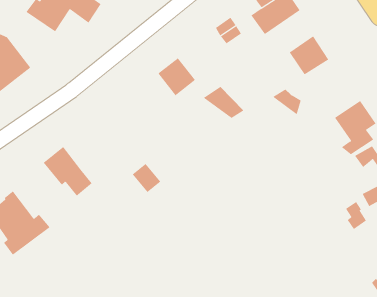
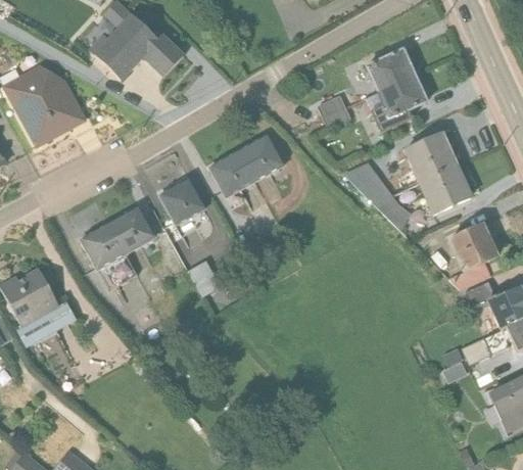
building: none -> [418,167,466,213]
building: none -> [209,150,255,198]
building: [203,86,244,118] -> [344,159,392,201]
building: none -> [159,178,205,225]
building: none -> [108,206,154,253]

